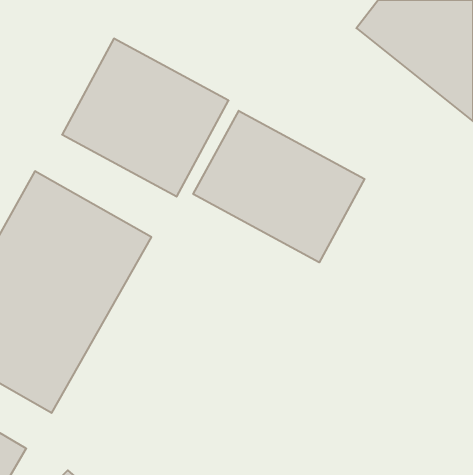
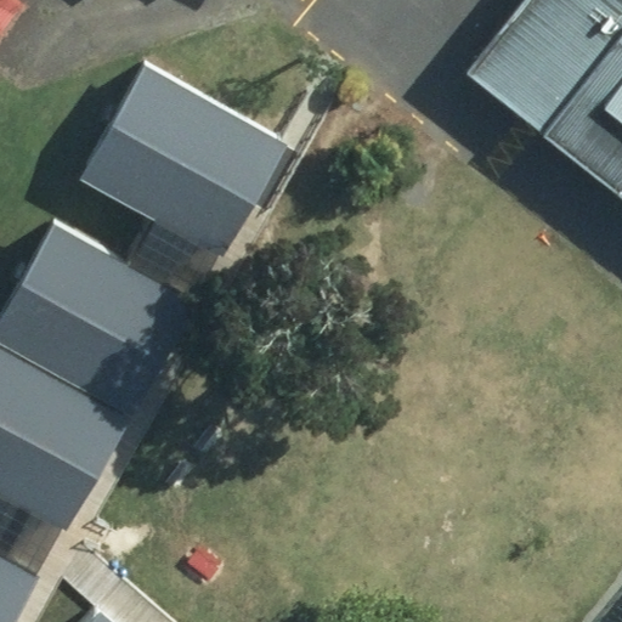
building: [193,111,365,262] -> none

